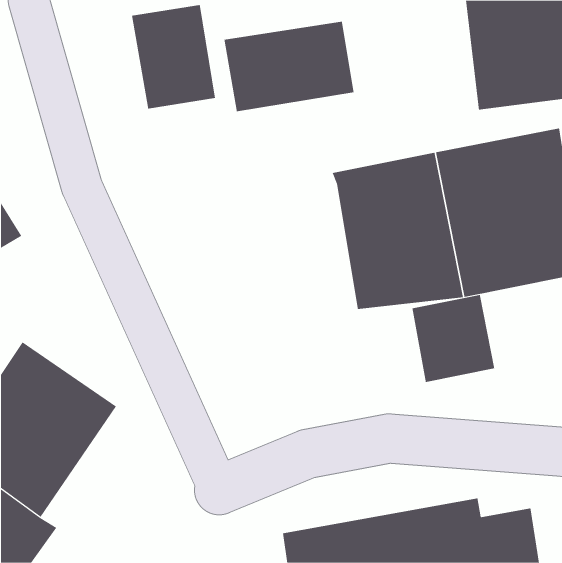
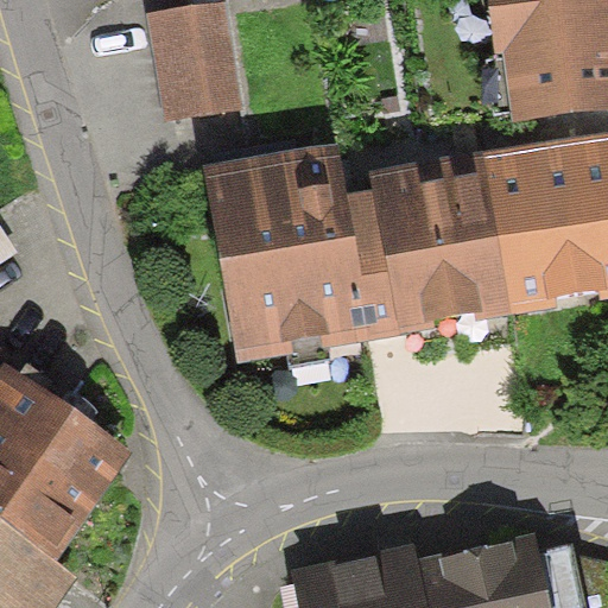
building: [224,21,354,112] -> none
building: none -> [197,154,386,360]
building: [412,294,495,383] -> none

